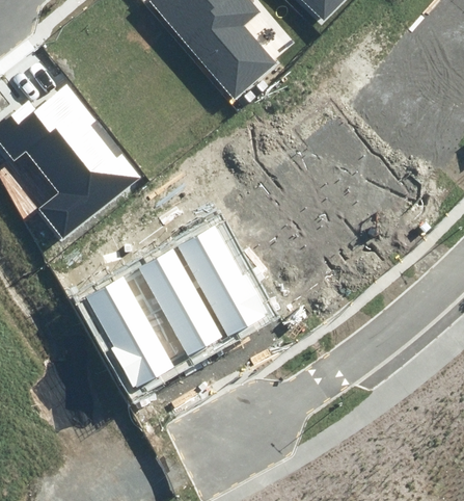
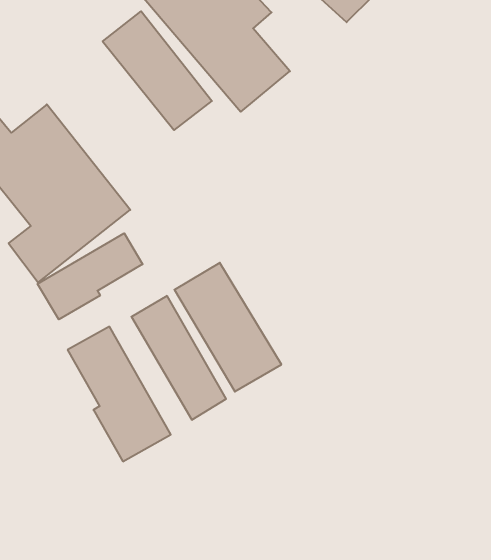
building: none -> [103,11,212,130]
building: none -> [38,233,143,319]

